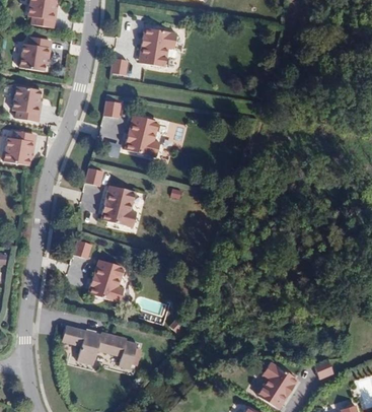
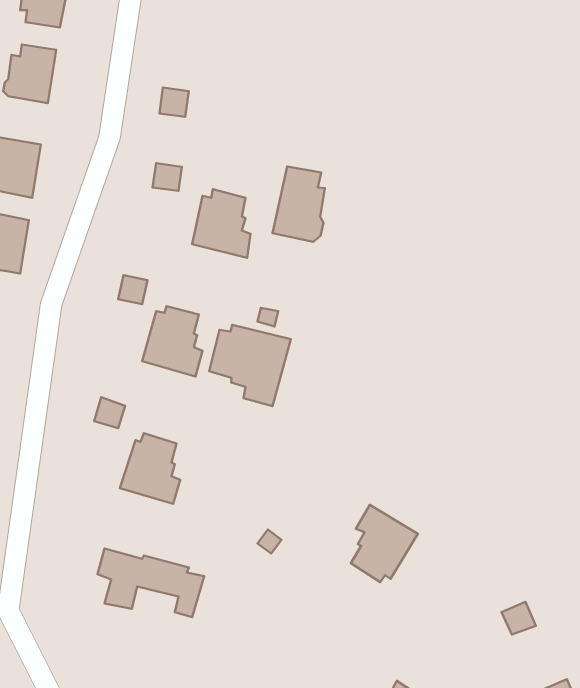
building: [138,24,175,63] -> none
building: none -> [273,167,325,242]
building: none -> [209,325,291,406]
building: [258,361,298,407] -> [351,505,418,582]

